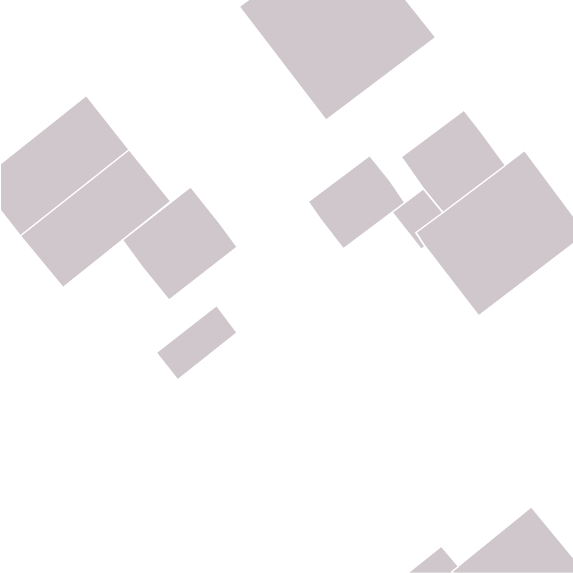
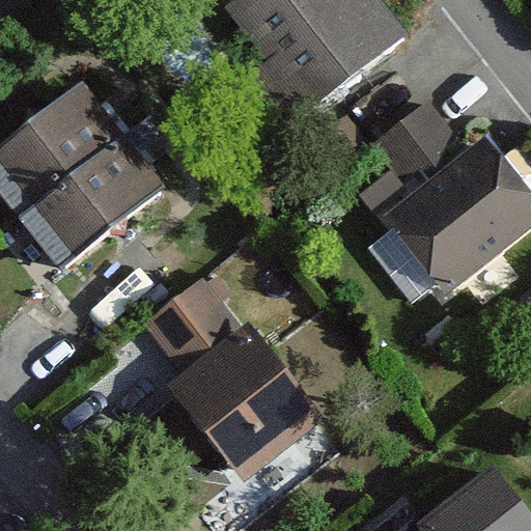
building: [308,155,405,249] -> none
building: [123,187,237,300] -> none
building: none -> [169,325,320,481]

